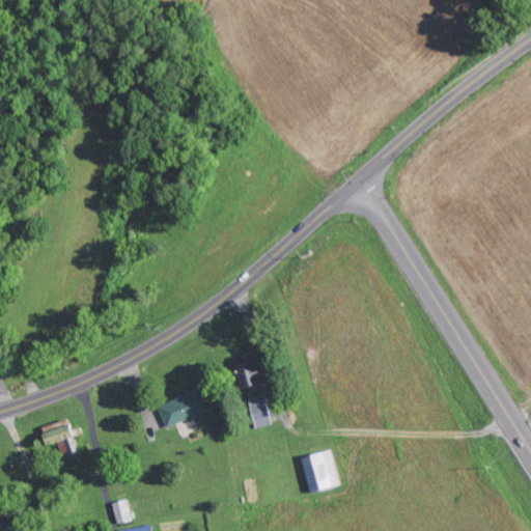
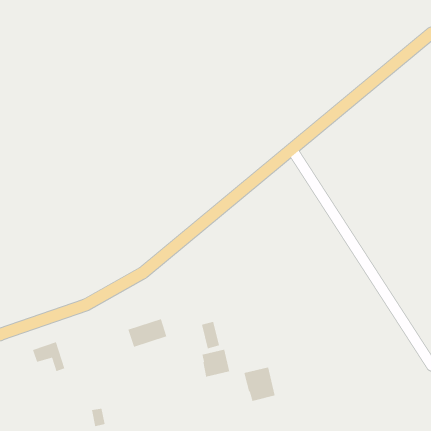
building: [233,360,262,397] -> none
building: none -> [202,349,230,378]

